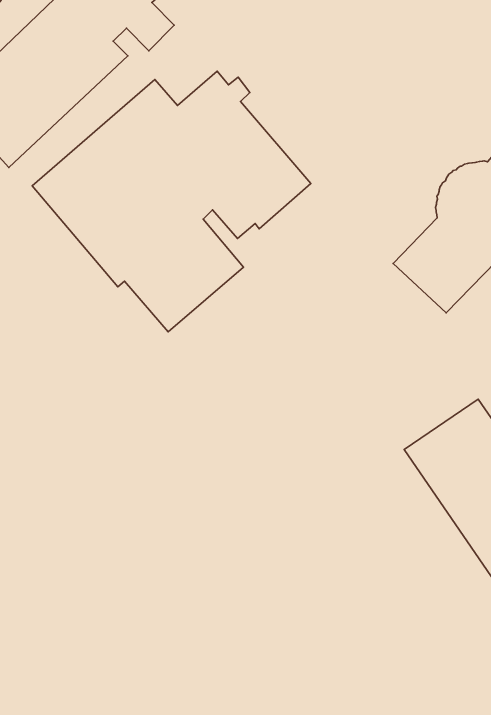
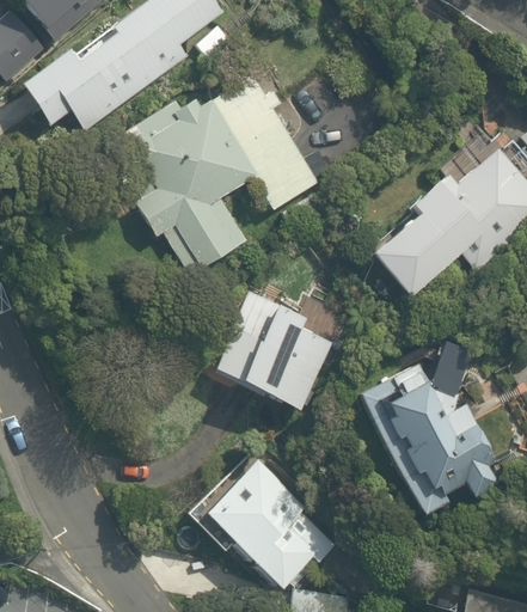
building: none -> [212,288,335,408]
building: none -> [206,465,336,587]

